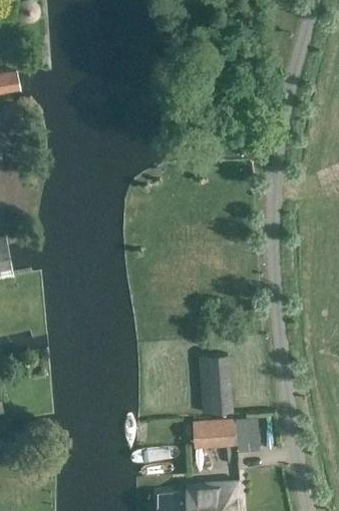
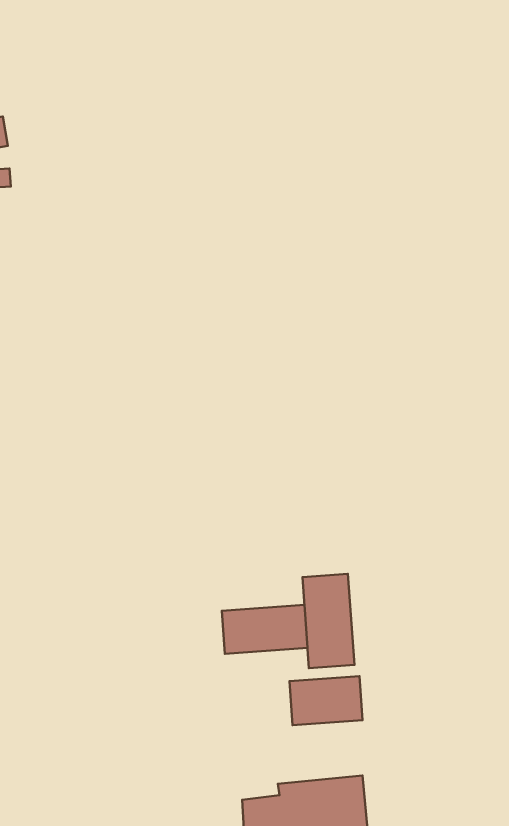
building: none -> [222,605,307,654]
building: [236,417,256,449] -> none

